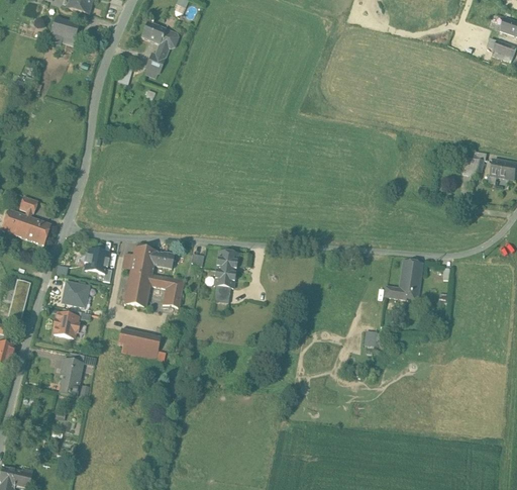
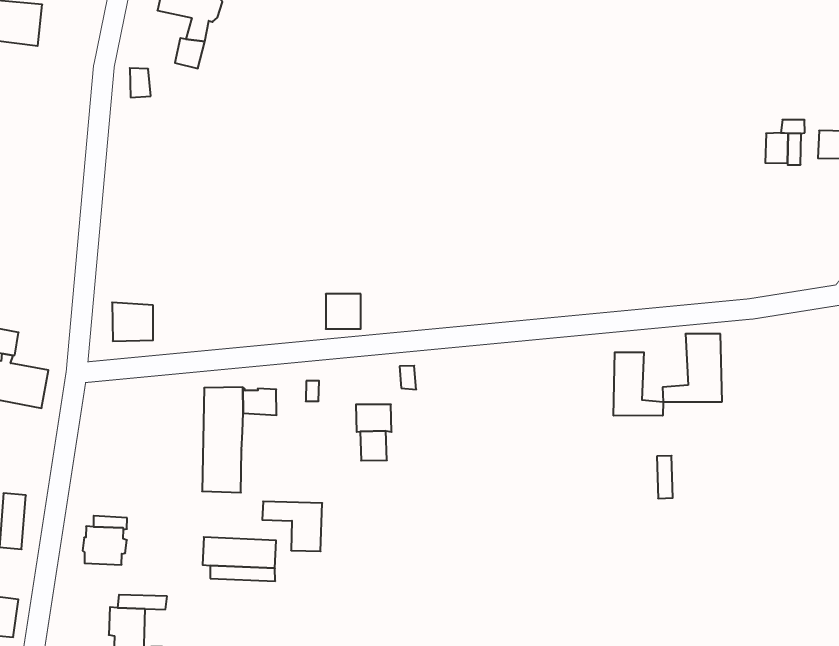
building: [84,249,109,273] -> [112,302,153,341]
building: [216,251,238,273] -> [326,294,361,329]
building: none -> [614,352,663,416]
building: [149,275,184,307] -> [262,501,322,551]
building: [63,282,88,306] -> none

